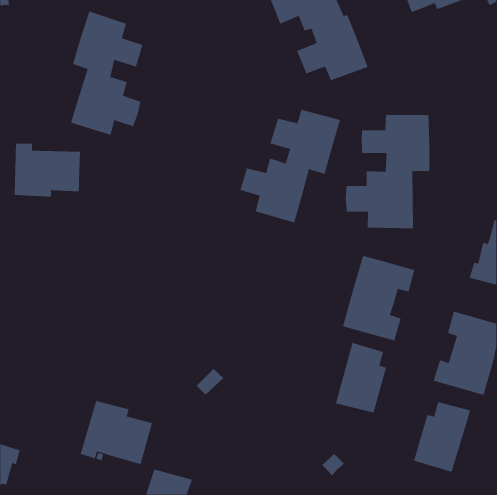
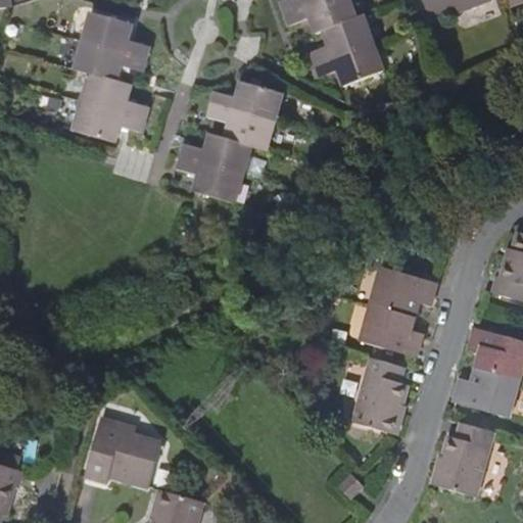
building: [239,109,341,223] -> [178,83,284,202]
building: [345,114,430,229] -> none
building: [14,143,80,198] -> none

